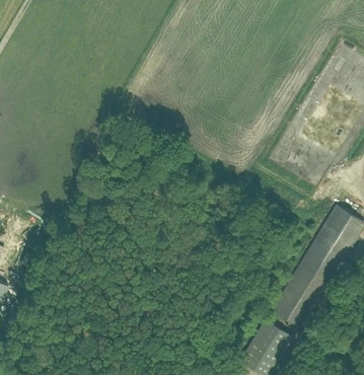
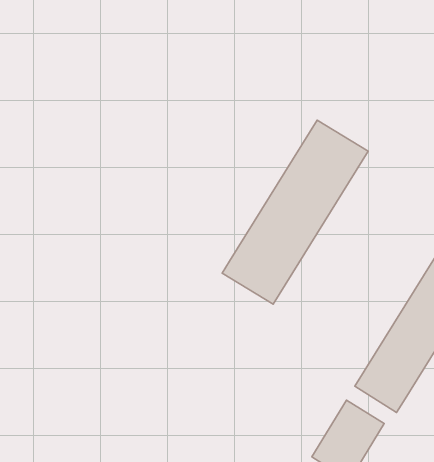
building: none -> [222,120,368,304]

